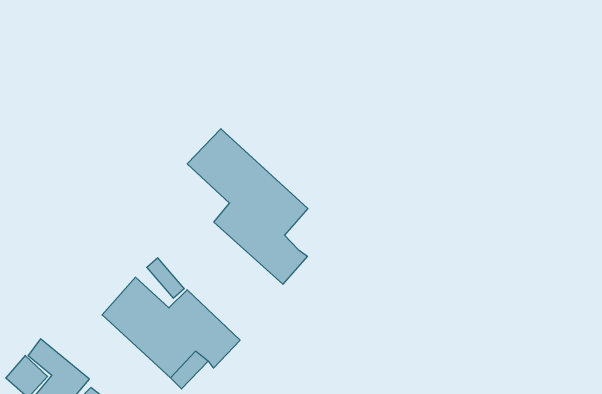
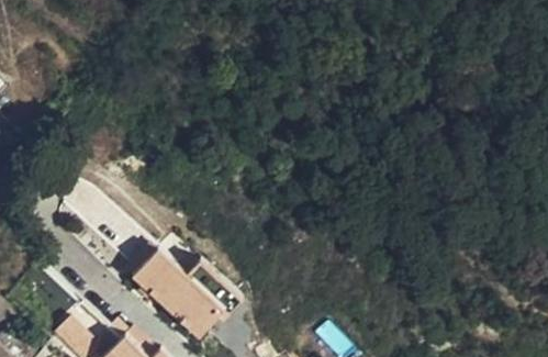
building: [187,129,308,284] -> none

